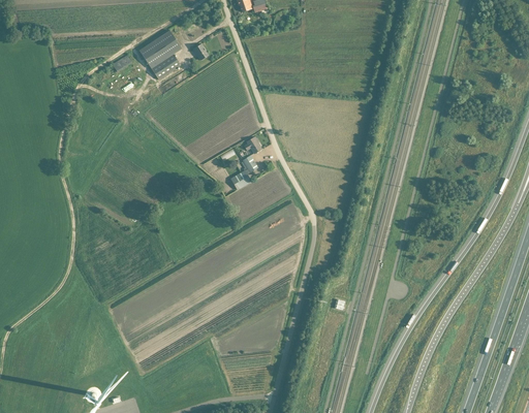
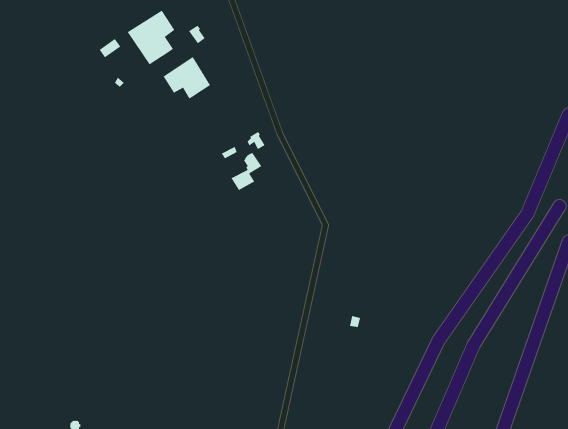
building: none -> [163,56,211,99]

